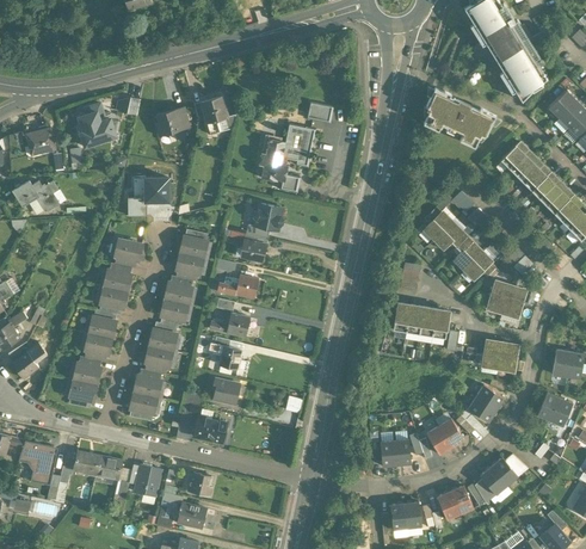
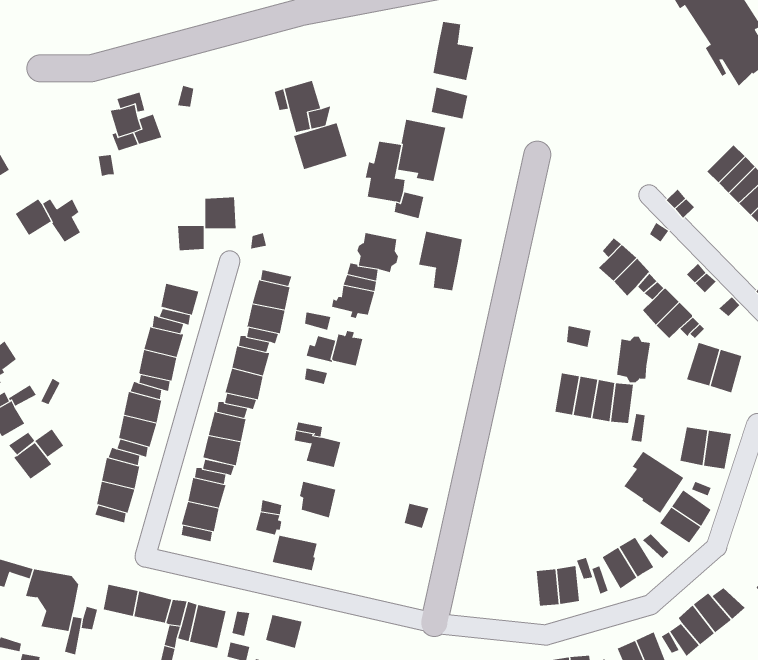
building: none -> [433,21,474,81]
building: [422,86,495,147] -> none
building: [154,105,192,138] -> [293,122,347,170]
building: [26,128,55,154] -> none
building: none -> [418,231,462,291]
building: none -> [616,336,651,383]
building: [209,313,249,335] -> none
building: none -> [623,451,684,514]

